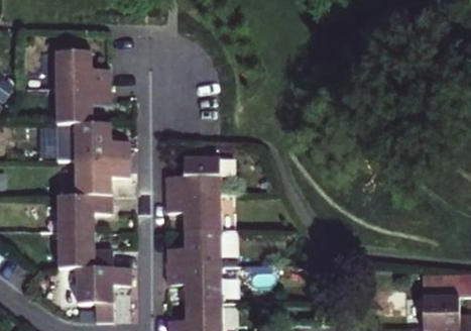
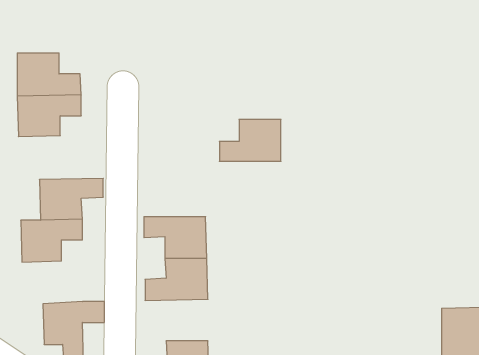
building: [53,122,129,160] -> none
building: [164,156,218,193] -> [219,119,281,161]
building: [58,231,111,268] -> none
building: [165,264,220,301] -> none

